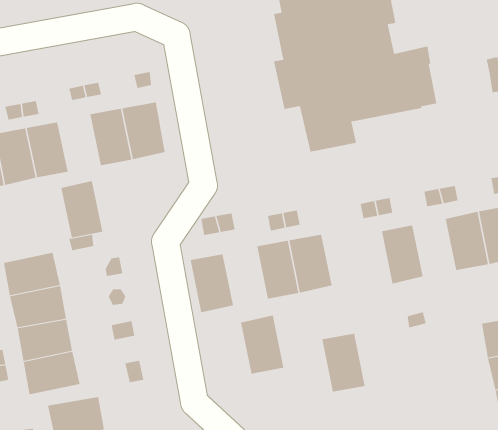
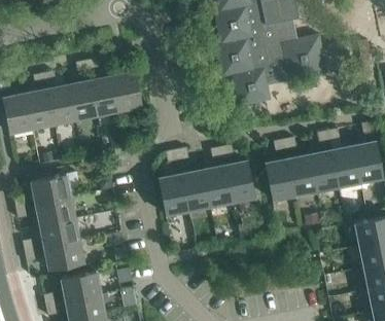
building: [61,180,103,238] -> [69,80,98,119]
building: none -> [310,151,339,190]
building: [240,315,284,374] -> [181,170,211,210]
building: [322,333,366,392] -> [266,159,295,200]

